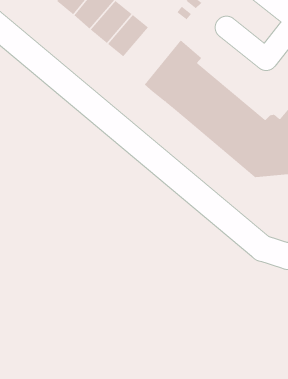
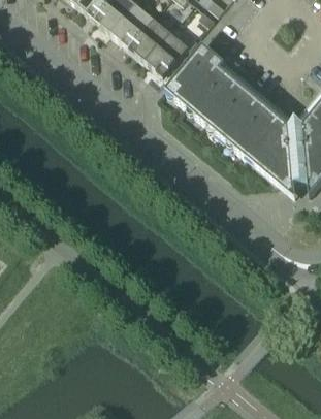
building: none -> [146,31,189,76]

